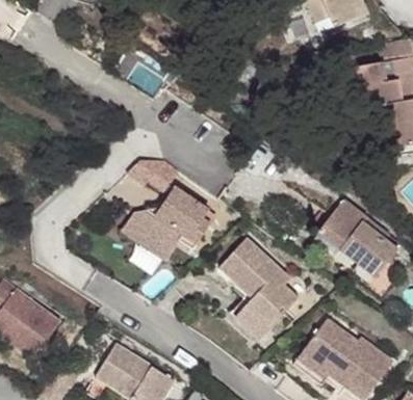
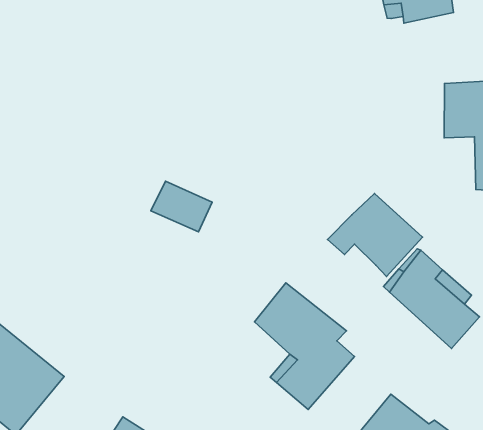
building: none -> [328,193,423,276]
building: [121,187,216,262] -> none

